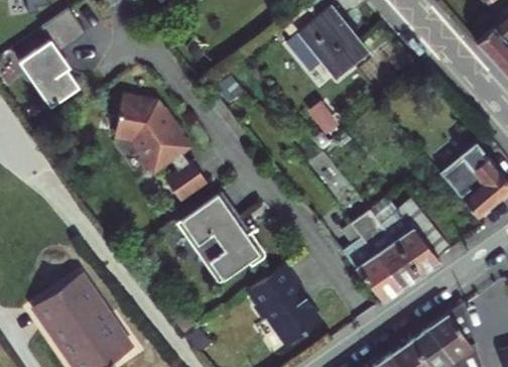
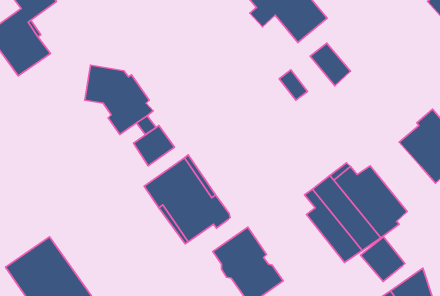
building: none -> [310,43,350,86]
building: none -> [361,237,405,282]

